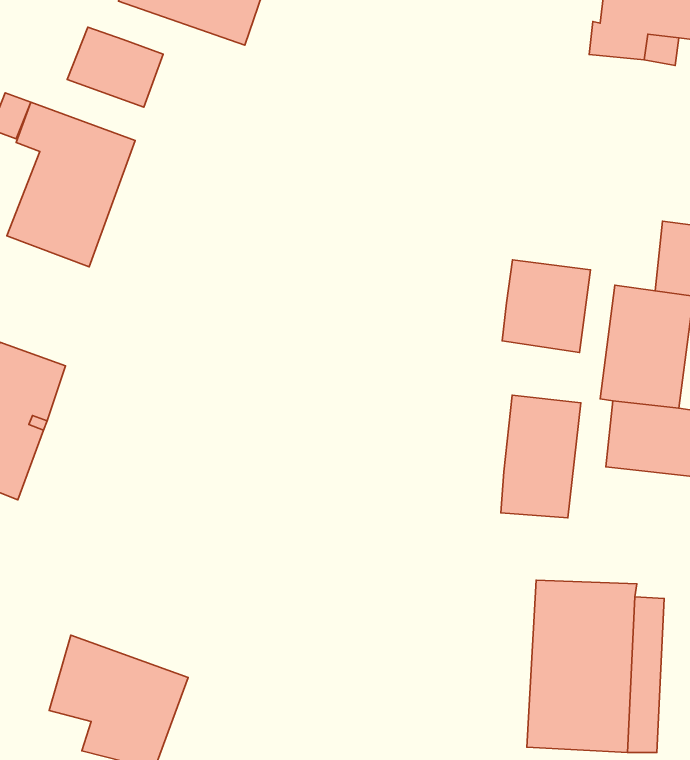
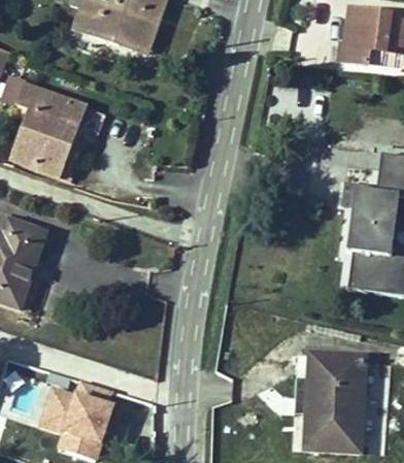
building: [67,27,163,107] -> none
building: [502,260,590,353] -> none
building: [501,395,581,518] -> none

